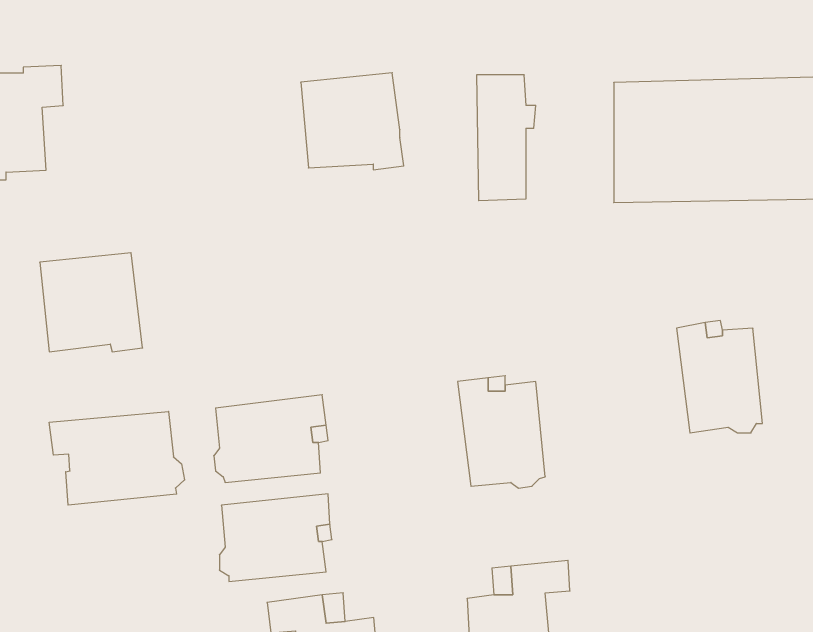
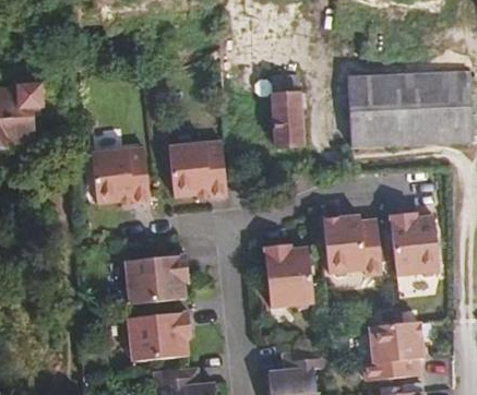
building: [301,73,404,170] -> [167,142,226,197]
building: [40,253,143,352] -> [90,148,148,205]
building: none -> [322,215,382,277]
building: [49,411,185,505] -> none
building: none -> [362,322,422,381]

